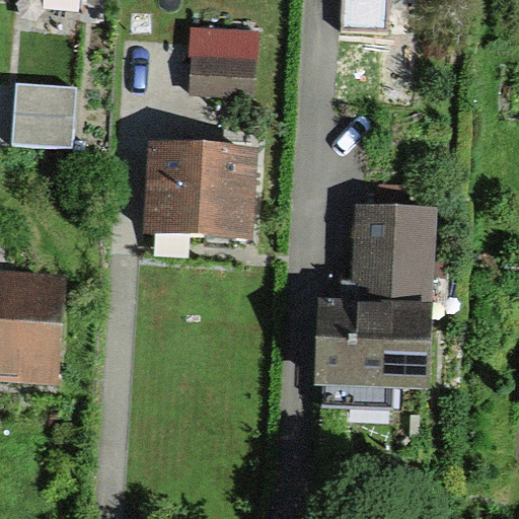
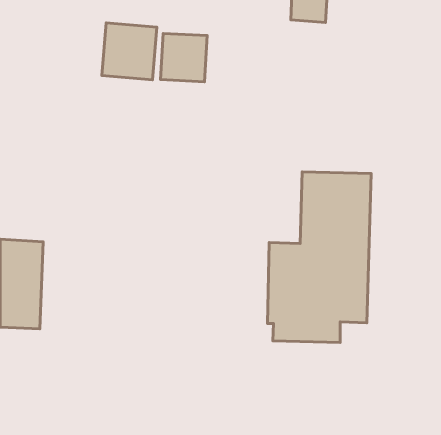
building: [13,74,78,141] -> [102,23,157,80]
building: [149,153,241,233] -> none

